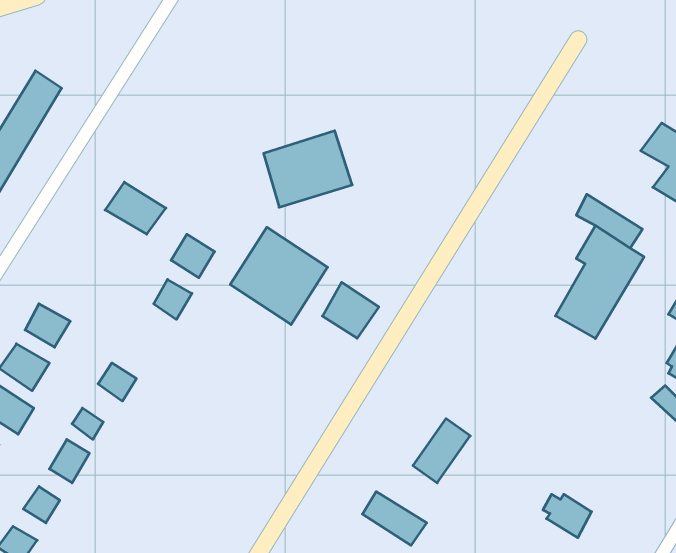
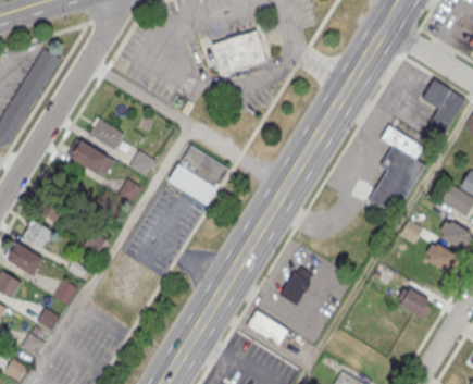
building: [264,131,352,207] -> [212,33,267,80]
building: none -> [71,139,114,176]
building: [322,282,379,338] -> none
building: [543,494,592,538] -> [398,288,428,315]

